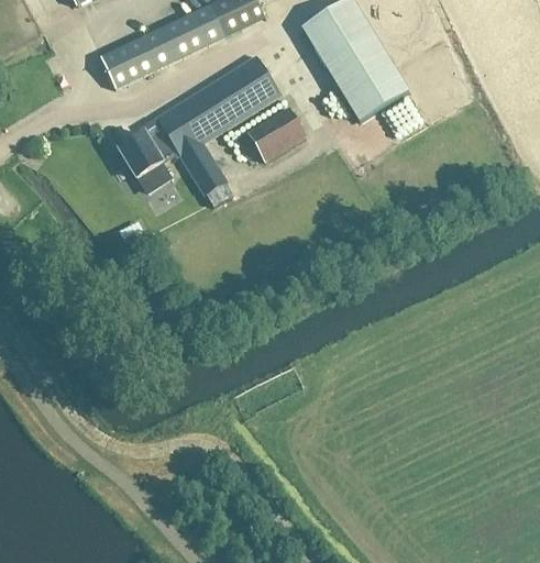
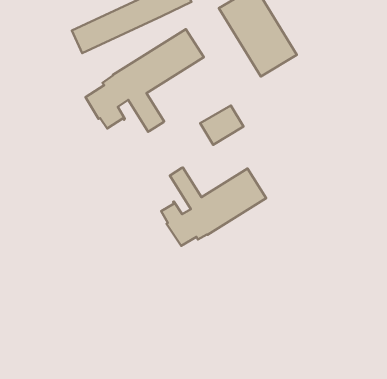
building: [249,108,308,162] -> [200,106,244,145]
building: none -> [161,168,266,246]

